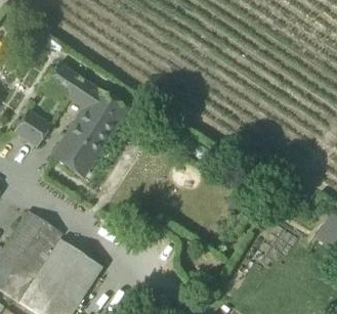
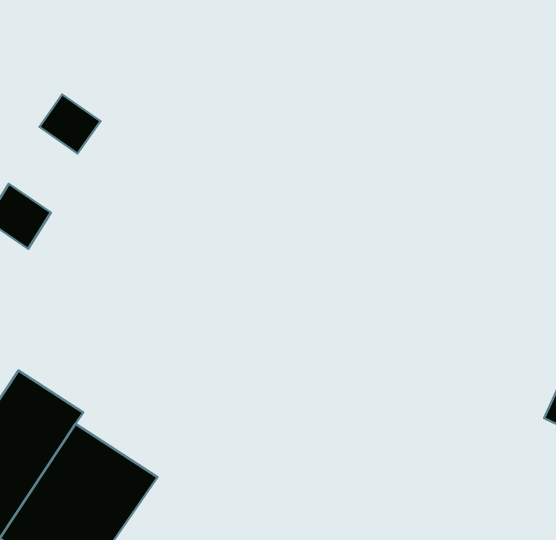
building: [51,79,125,176] -> none

